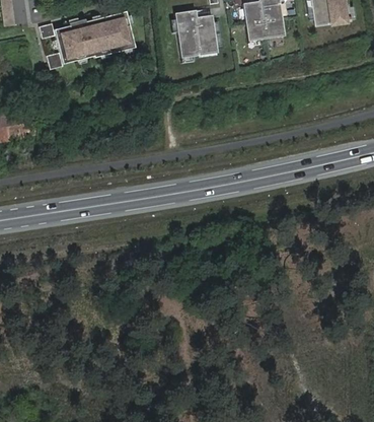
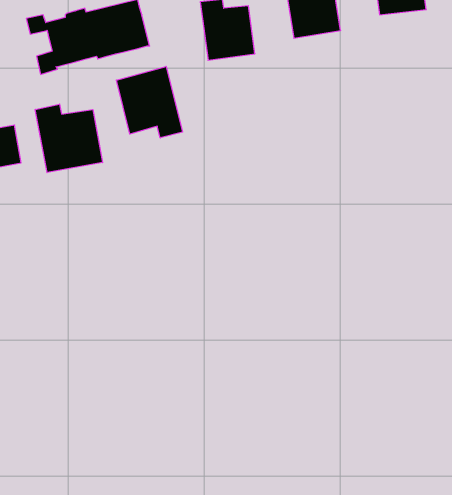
building: none -> [116,66,182,138]
building: none -> [35,104,103,173]

